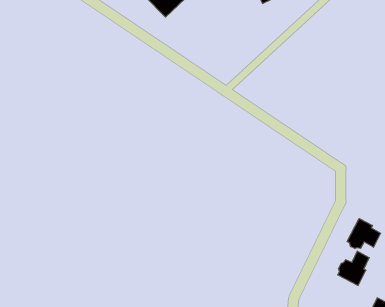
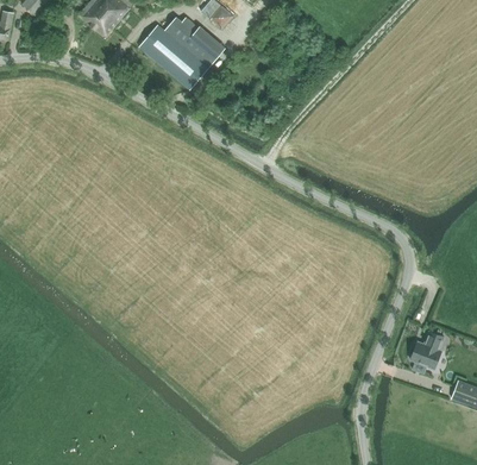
building: [347,219,381,249] -> none

